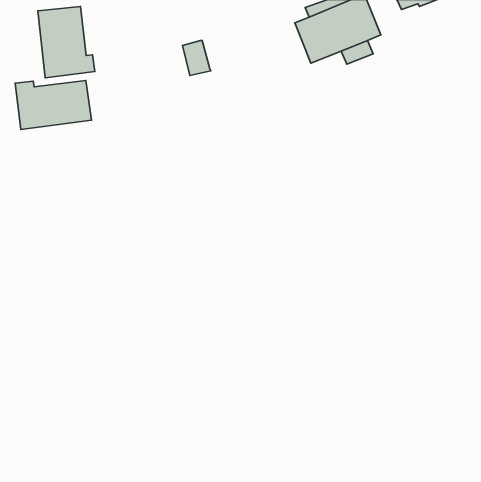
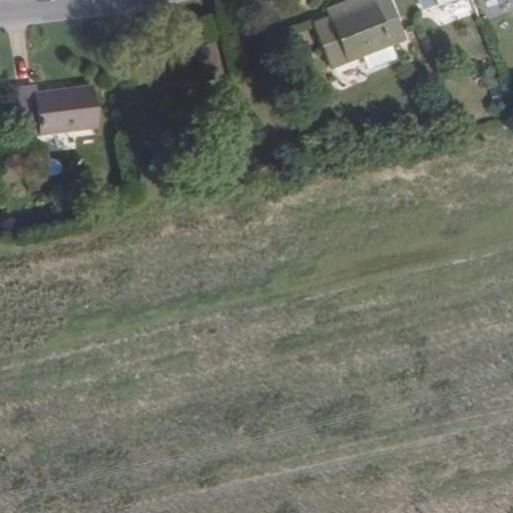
building: [38,6,95,78] -> none

